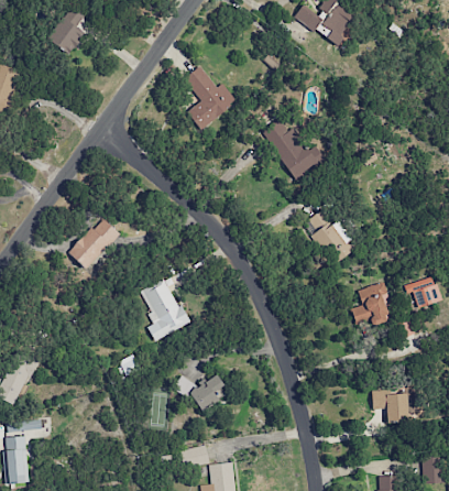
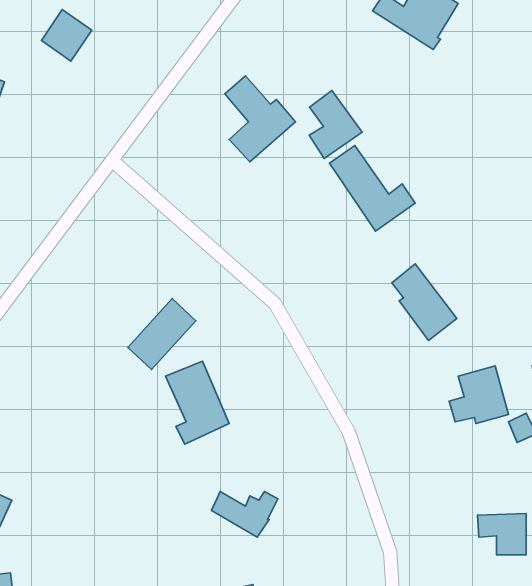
building: none -> [309,90,362,158]
building: [69,217,120,270] -> [128,299,196,370]

